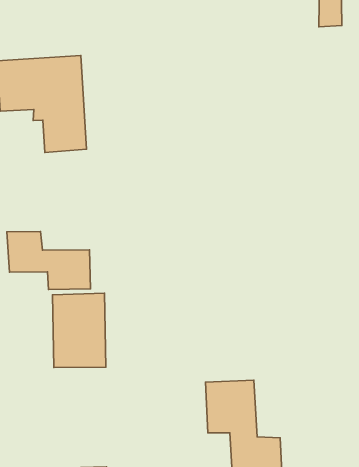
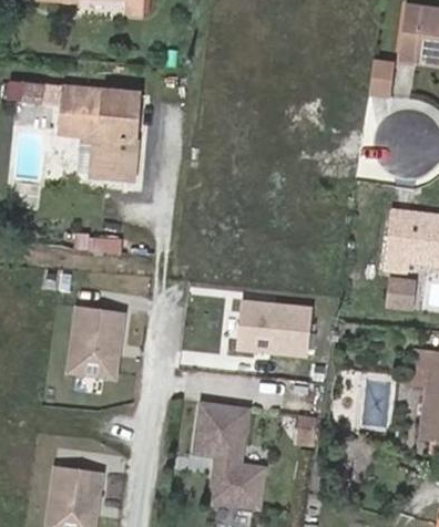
building: [7,231,90,289] -> none
building: none -> [238,288,317,347]

